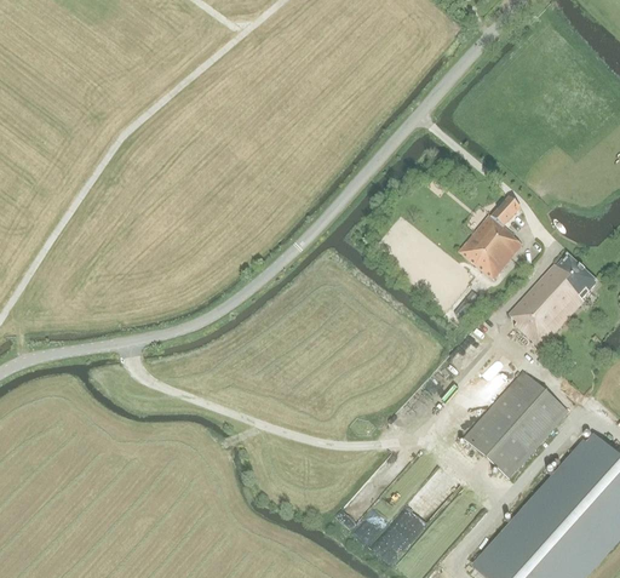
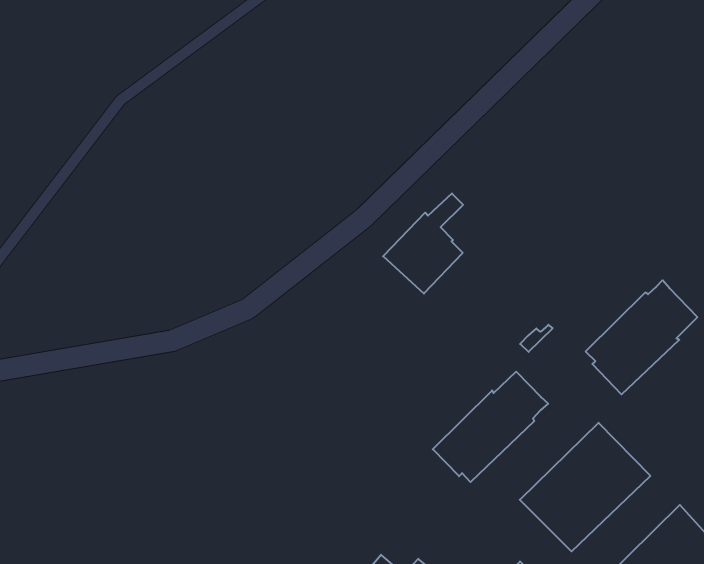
building: [458,196,522,279] -> [383,193,463,294]
building: none -> [433,372,548,482]

